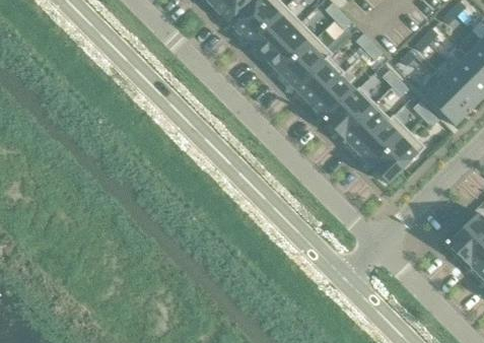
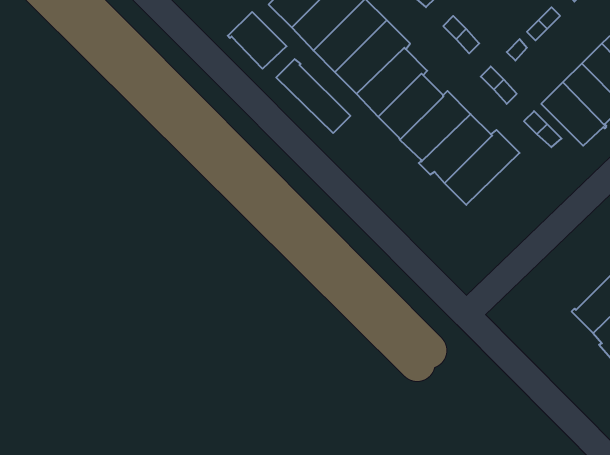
building: none -> [228,12,287,69]
building: none -> [276,59,350,133]
building: [371,130,425,183] -> none

